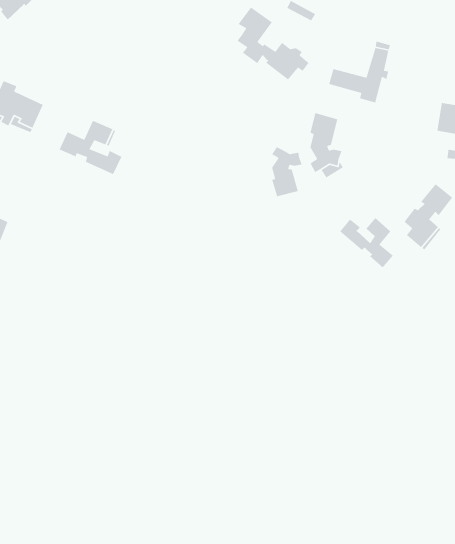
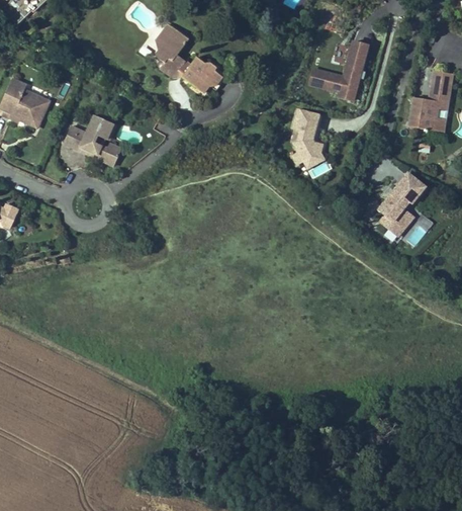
building: [236,7,309,81] -> [155,23,221,91]
building: [271,146,303,197] -> none
building: [339,217,394,269] -> none

